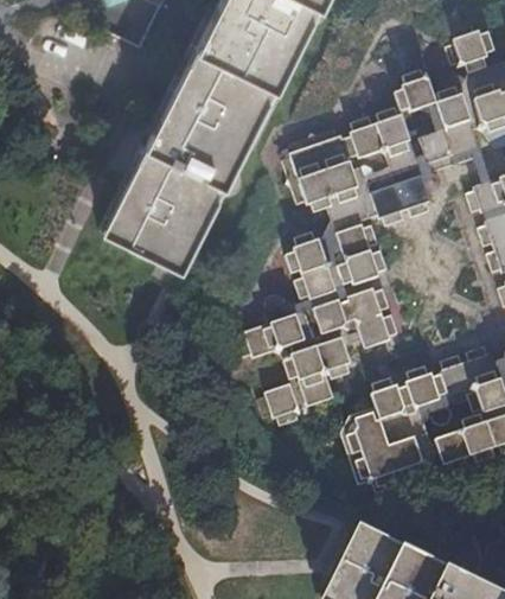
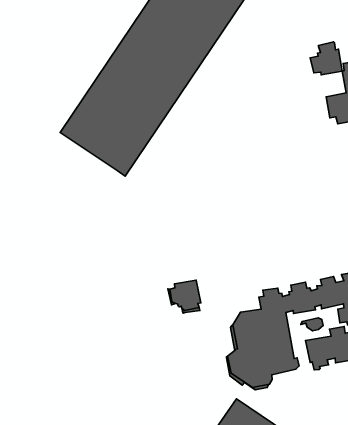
building: [283,107,432,285] -> none
building: [289,231,338,299] -> none
building: [317,287,399,349] -> none
building: [241,313,352,407] -> none

